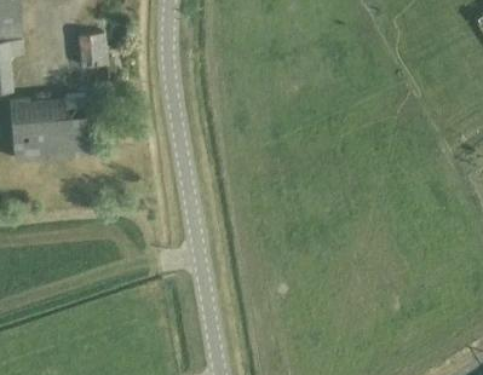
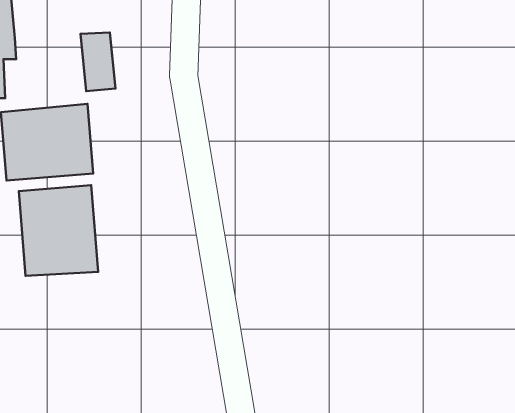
building: none -> [19,185,98,276]

